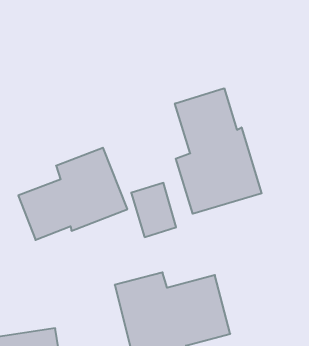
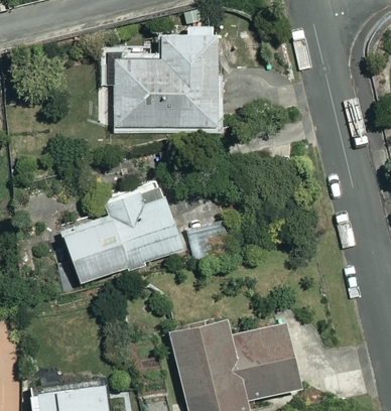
building: none -> [115,32,218,129]
building: [175,88,262,214] -> none

